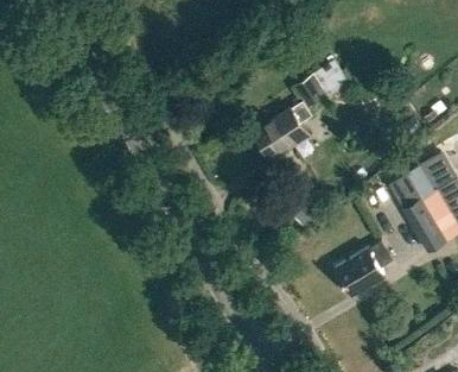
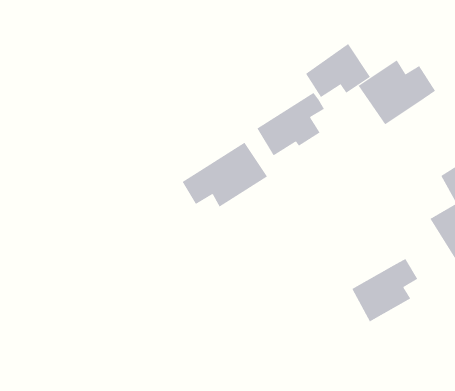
building: none -> [358,59,436,125]
building: none -> [182,142,268,208]

